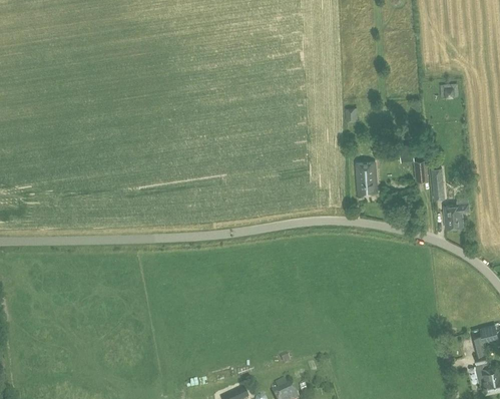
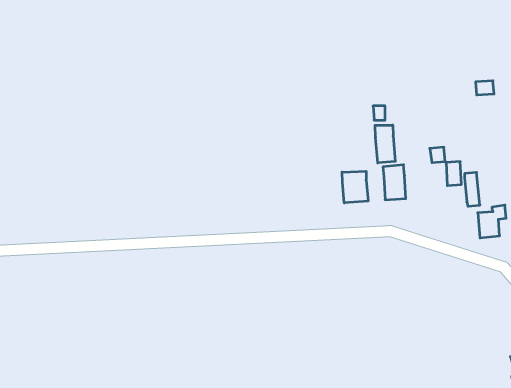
building: none -> [375,125,395,163]
building: none -> [342,171,368,203]

